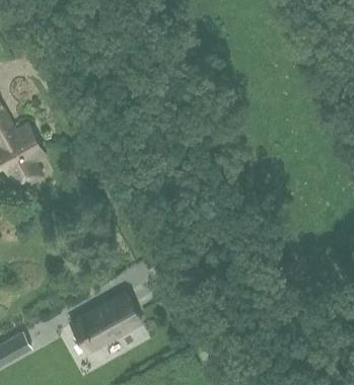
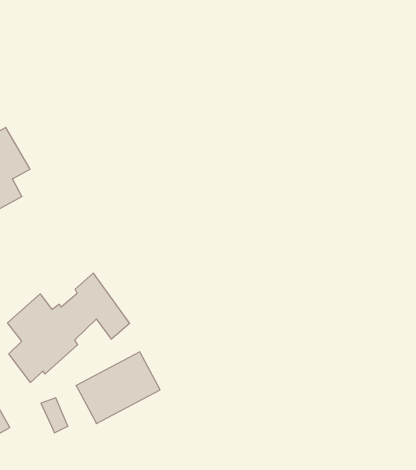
building: none -> [8,273,130,382]

